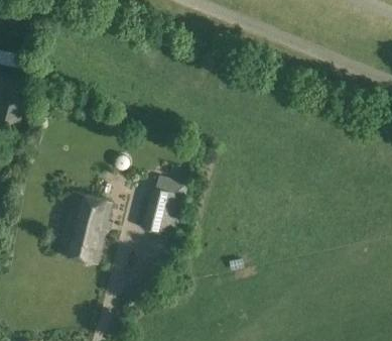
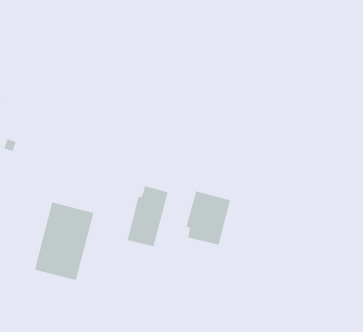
building: none -> [186,190,231,246]

